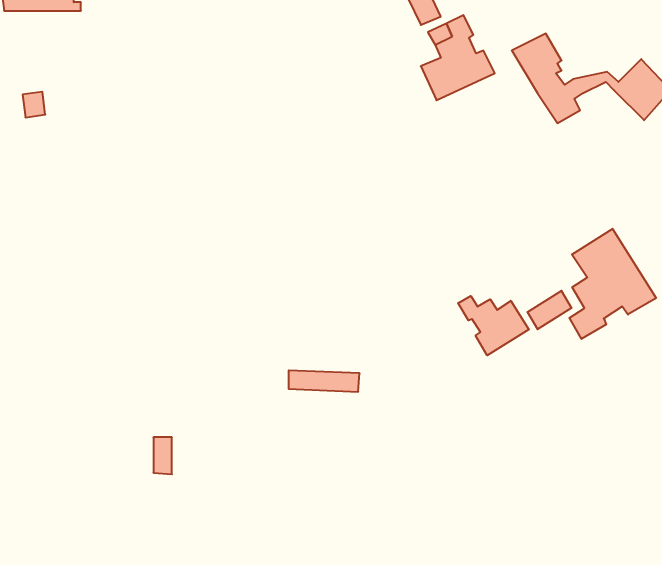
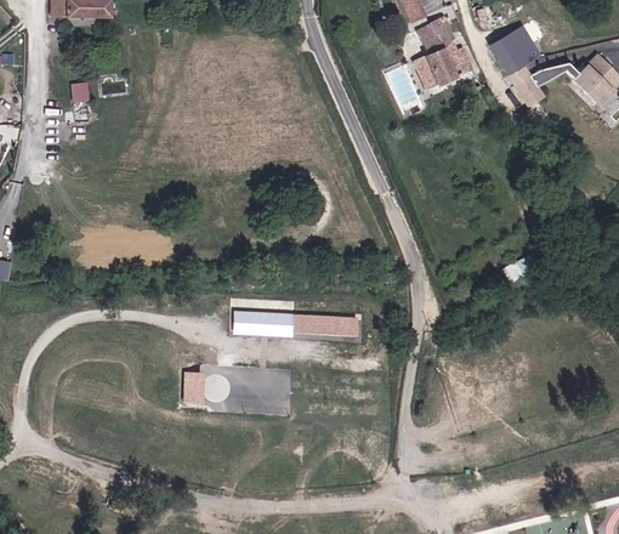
building: [569,229,656,339] -> none
building: [458,296,529,355] -> none
building: none -> [233,312,293,337]

